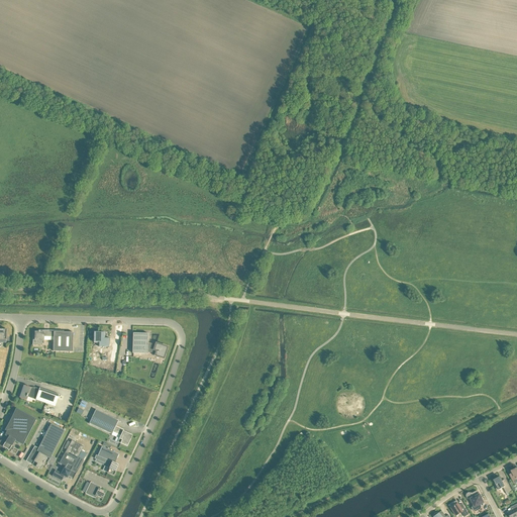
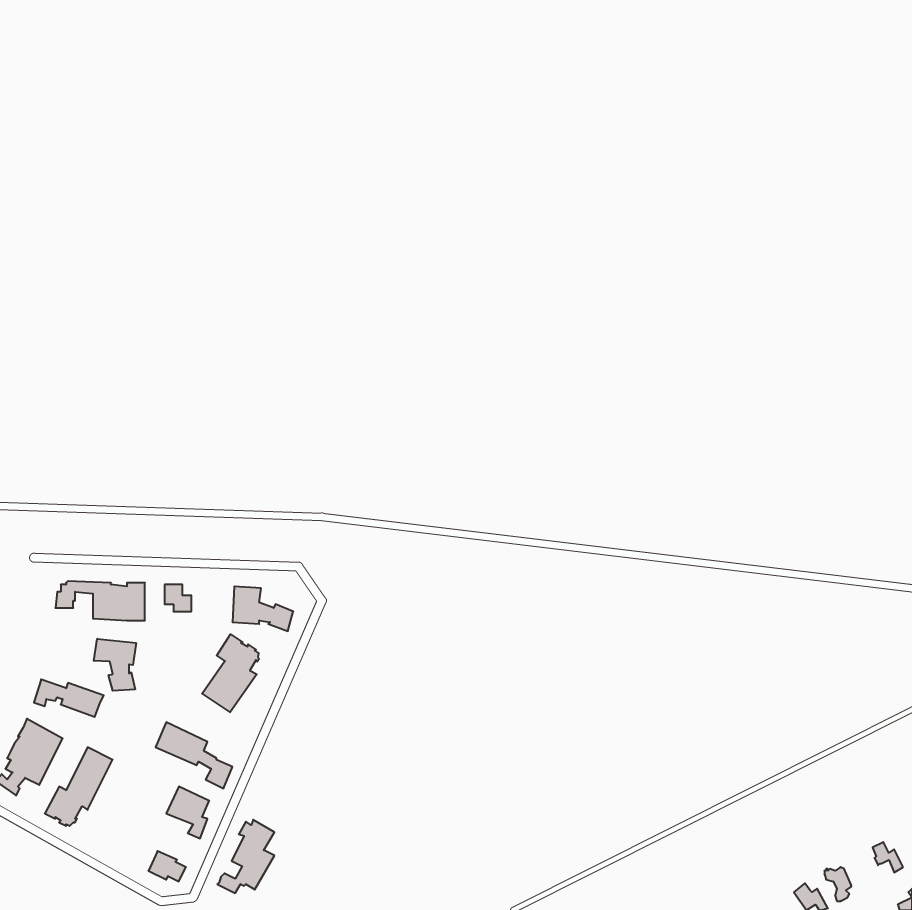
building: none -> [202,634,259,712]
building: none -> [94,639,136,691]
building: [50,438,83,480] -> [217,820,274,893]

